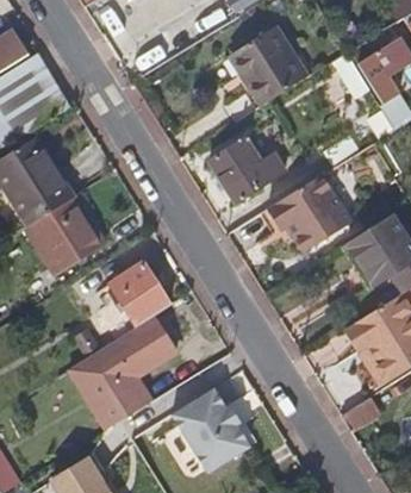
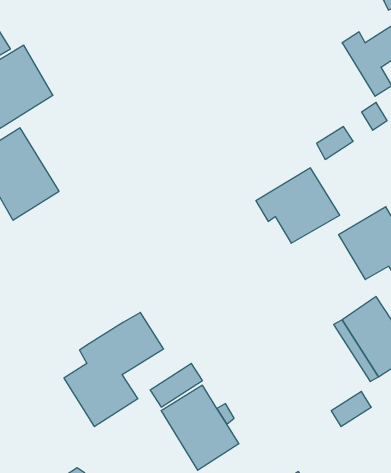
building: [231,27,305,102] -> none
building: [207,136,284,201] -> none
building: [25,195,105,276] -> none
building: [111,263,169,326] -> none

